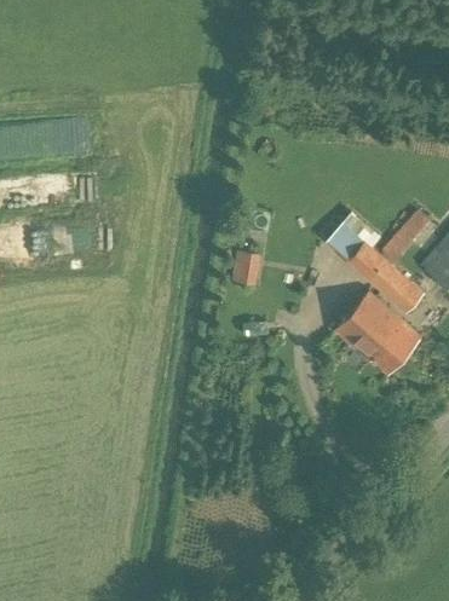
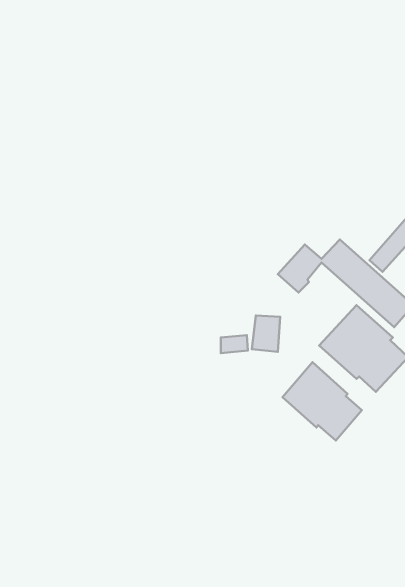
building: [232,248,259,282] -> [252,316,280,352]
building: none -> [283,362,362,440]

